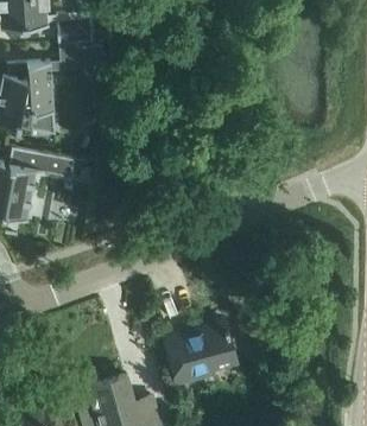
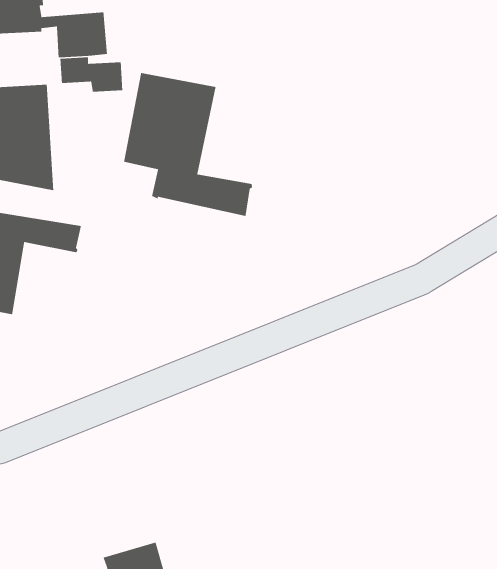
building: none -> [123,72,253,217]
building: [164,320,236,383] -> none

